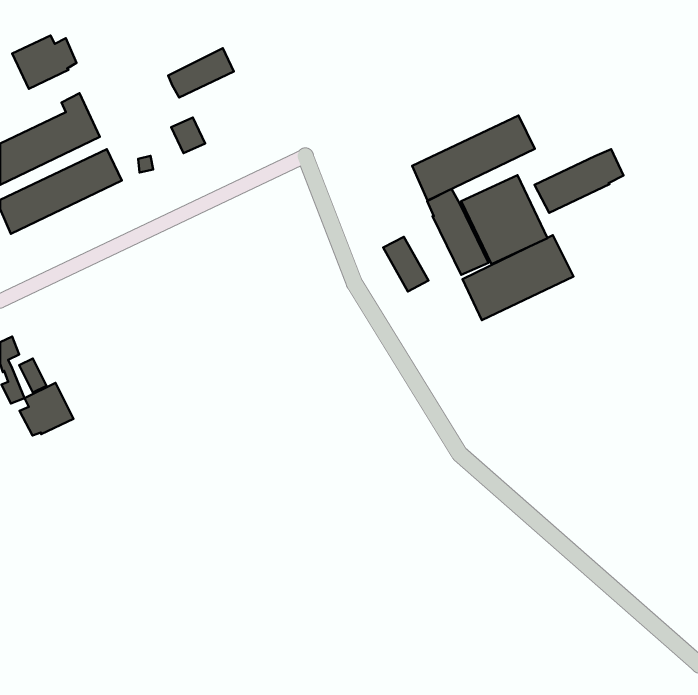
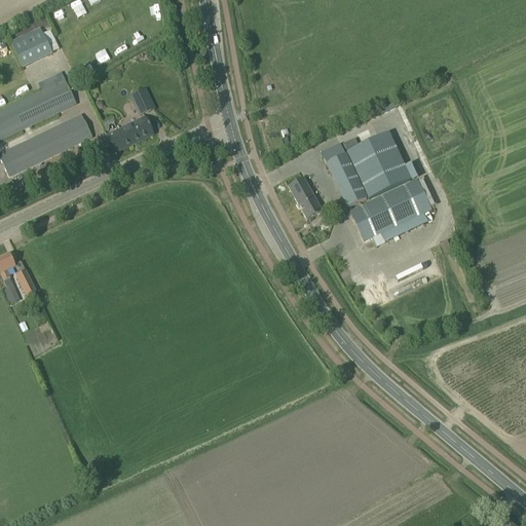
building: [168,48,234,97] -> [105,116,154,153]
building: [412,116,535,200] -> none
building: [535,149,623,213] -> none
building: [20,383,74,436] -> none

